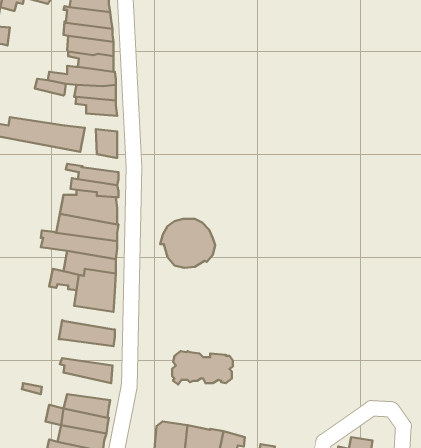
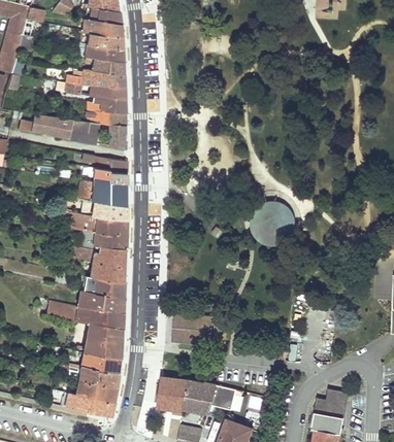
building: none -> [80,103,126,127]
building: [160,219,215,268] -> [249,202,296,244]
building: none -> [80,276,123,298]
building: none -> [45,301,123,329]
building: none -> [75,335,121,359]

